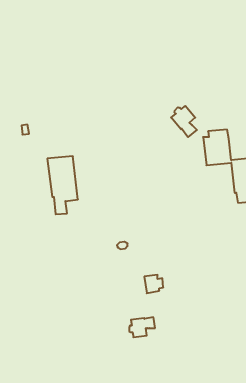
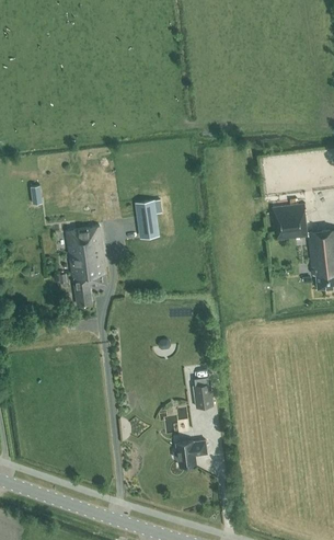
building: [171,106,197,137] -> none
building: none -> [136,200,161,239]

